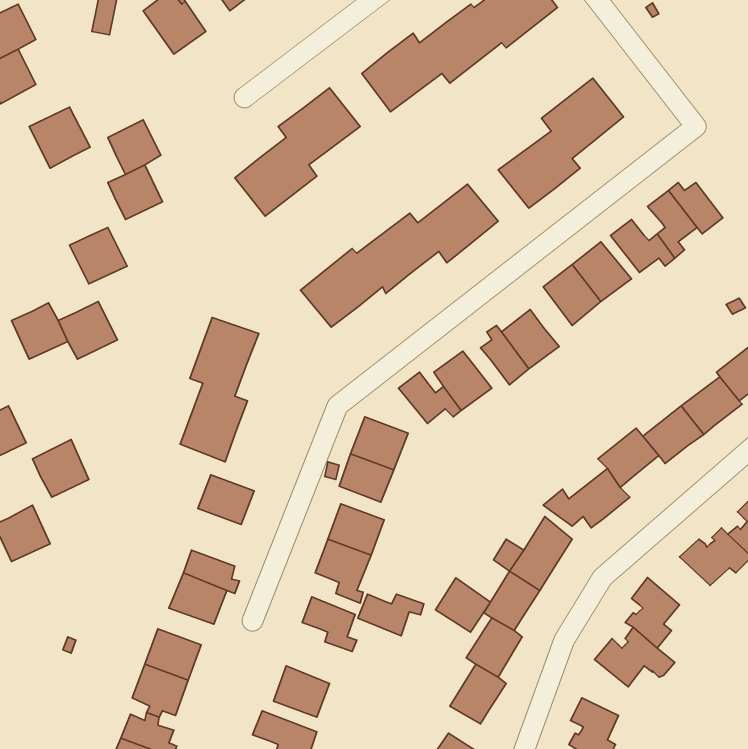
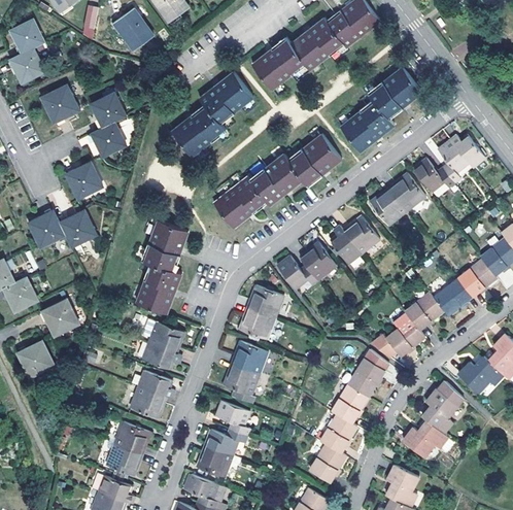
building: none -> [142,343,182,369]
building: [436,578,490,632] -> none
building: [358,594,424,636] -> [205,429,247,455]

